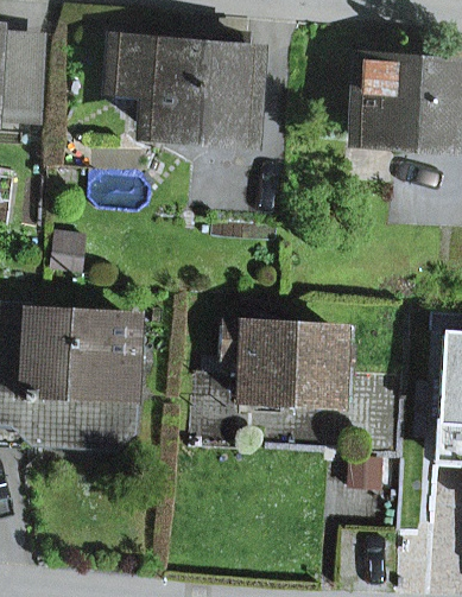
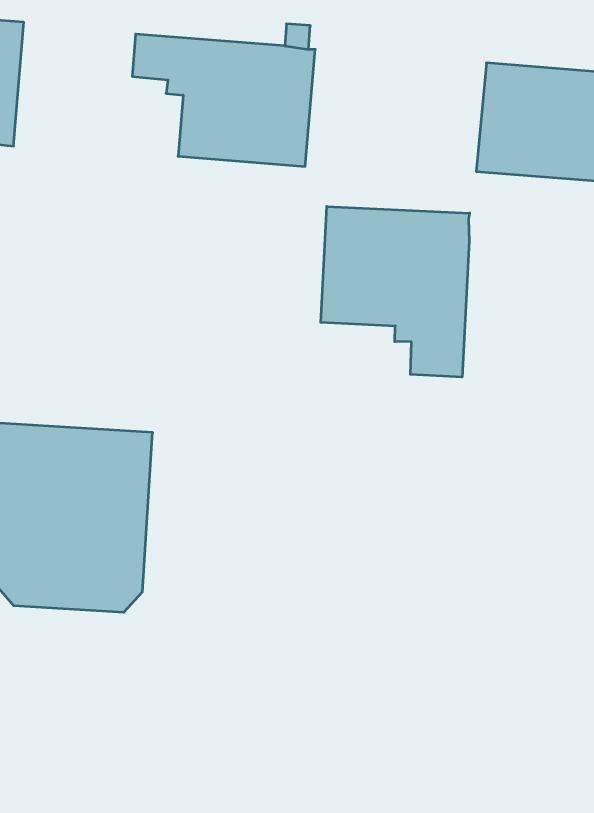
building: none -> [321,206,470,377]
building: [222,324,350,402] -> none

